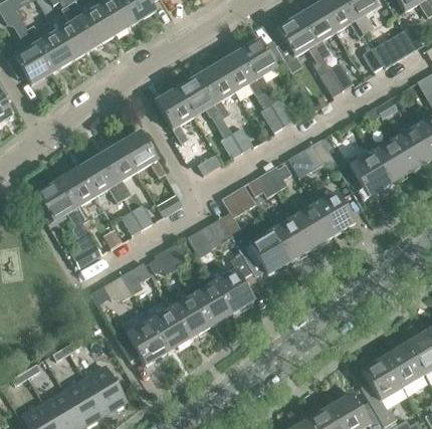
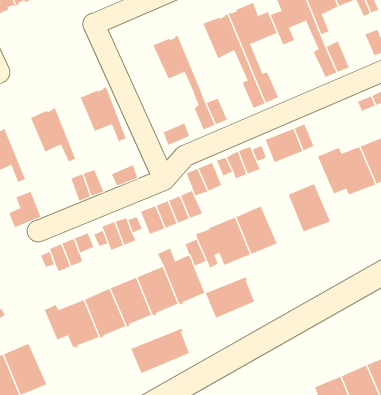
building: [198,63,236,119] -> none
building: [156,88,195,144] -> none
building: [99,144,137,198] -> none
building: [57,168,95,222] -> none
building: [292,203,333,247] -> none
building: none -> [205,277,255,318]
building: none -> [131,328,190,374]

